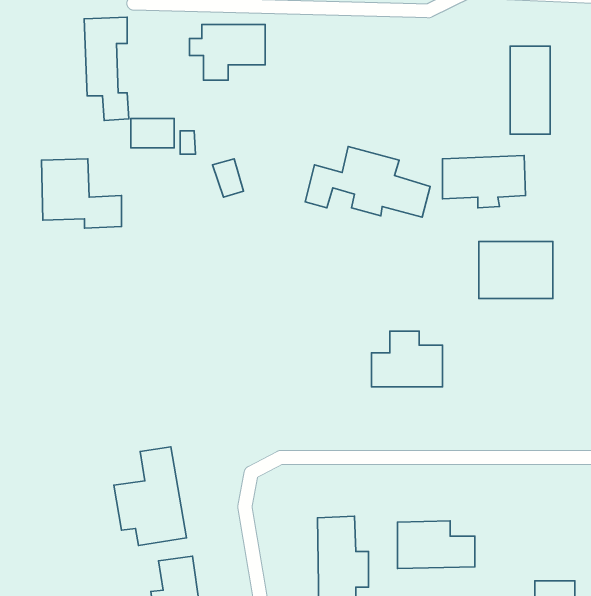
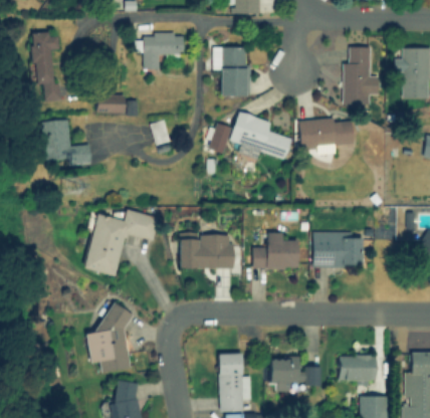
building: [84,17,129,120] -> [31,33,60,100]
building: none -> [213,47,250,96]
building: [479,242,553,299] -> [313,231,362,268]
building: none -> [84,211,158,275]
building: none -> [180,234,235,269]
building: none -> [339,355,377,383]

